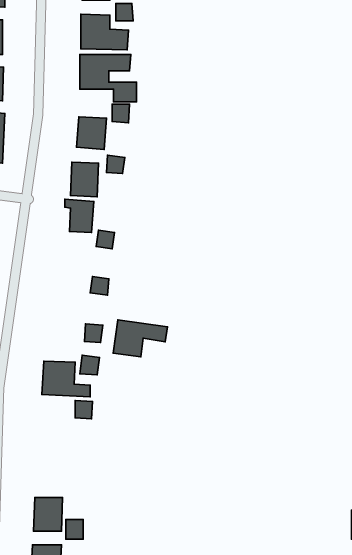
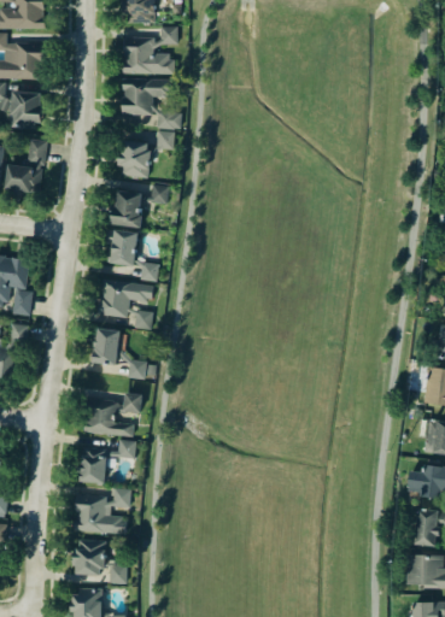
building: none -> [94,328,119,364]
building: [113,320,167,357] -> [98,278,154,317]
building: none -> [74,446,107,482]
building: none -> [75,488,131,533]

